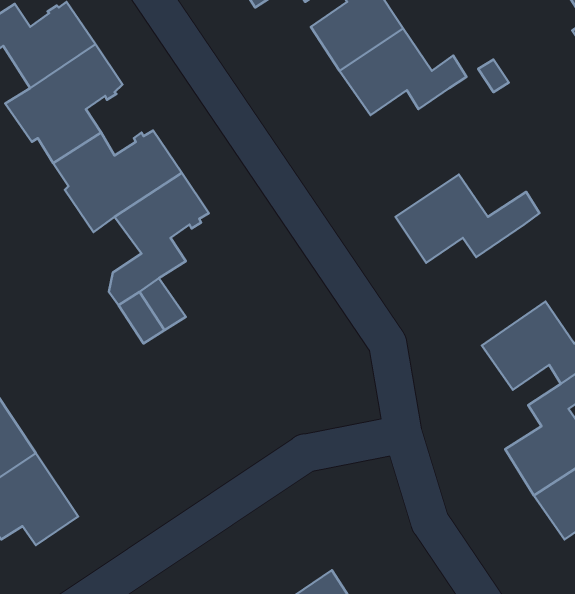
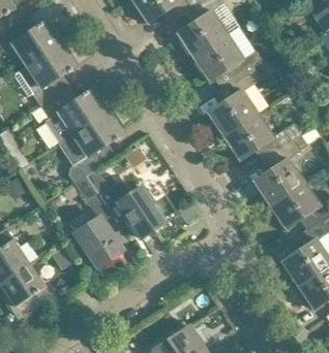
building: none -> [208,66,260,135]
building: none -> [253,139,304,204]
building: none -> [117,189,167,238]
building: none -> [76,215,124,266]

